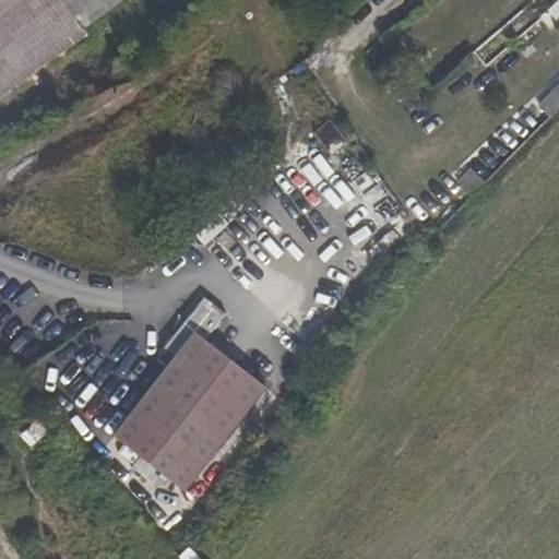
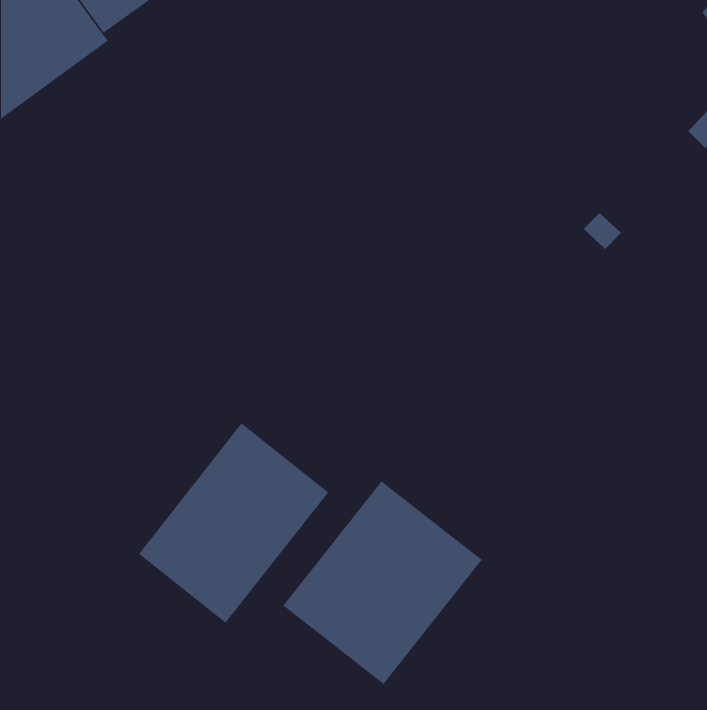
building: none -> [283,480,482,685]

